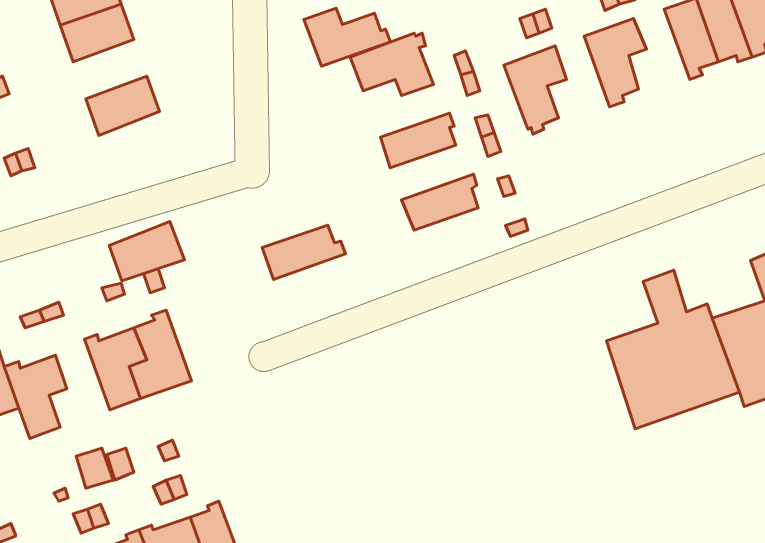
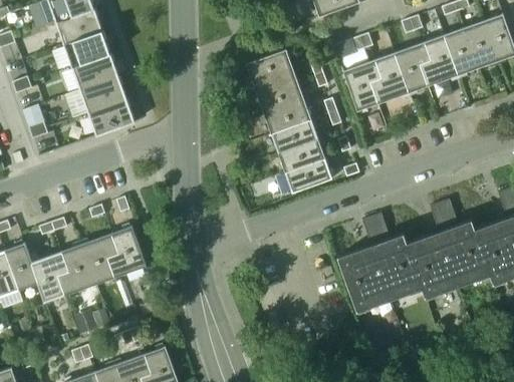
building: [304,8,390,66] -> [253,78,307,114]
building: none -> [420,34,458,84]
building: none -> [368,51,408,102]
building: none -> [71,53,117,90]
building: none -> [285,158,335,193]
building: [109,221,184,281] -> [87,98,135,135]
building: [262,225,346,280] -> [270,119,322,153]
building: none -> [335,213,421,311]
building: none -> [56,241,94,296]

